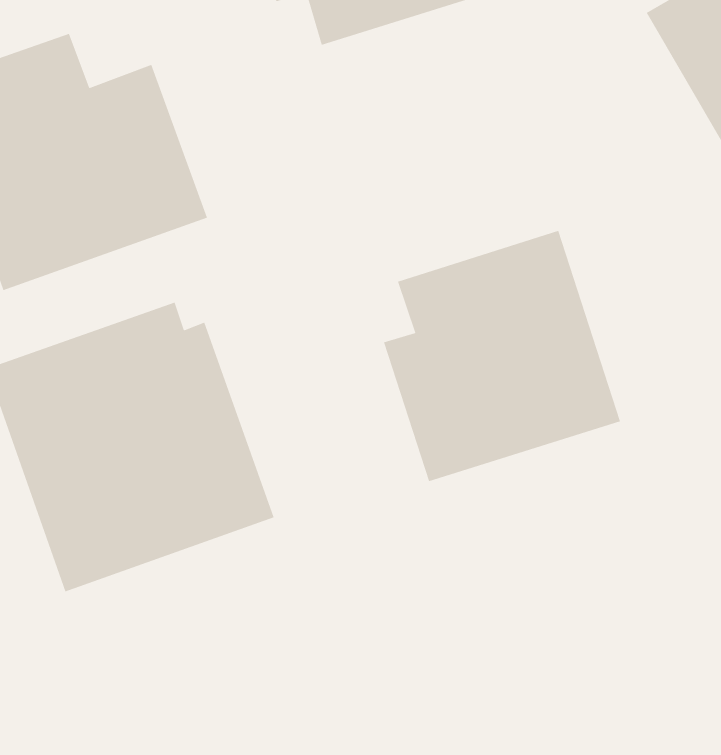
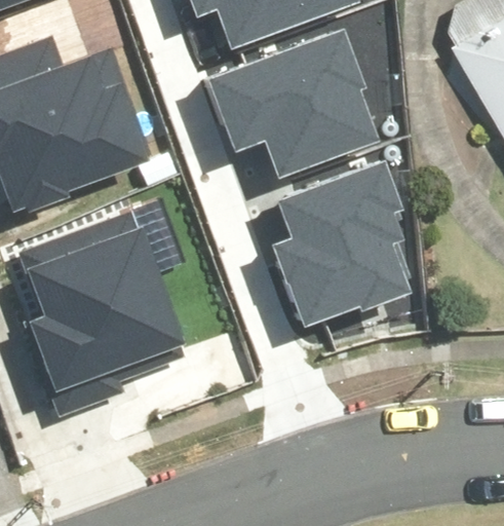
building: none -> [205,28,385,179]

